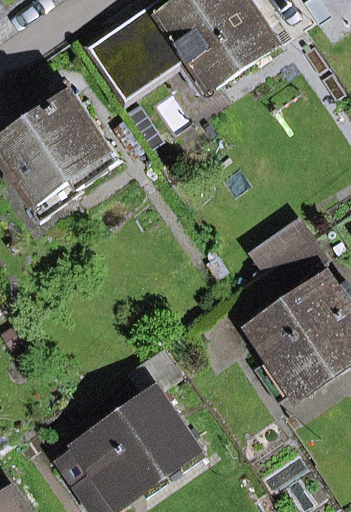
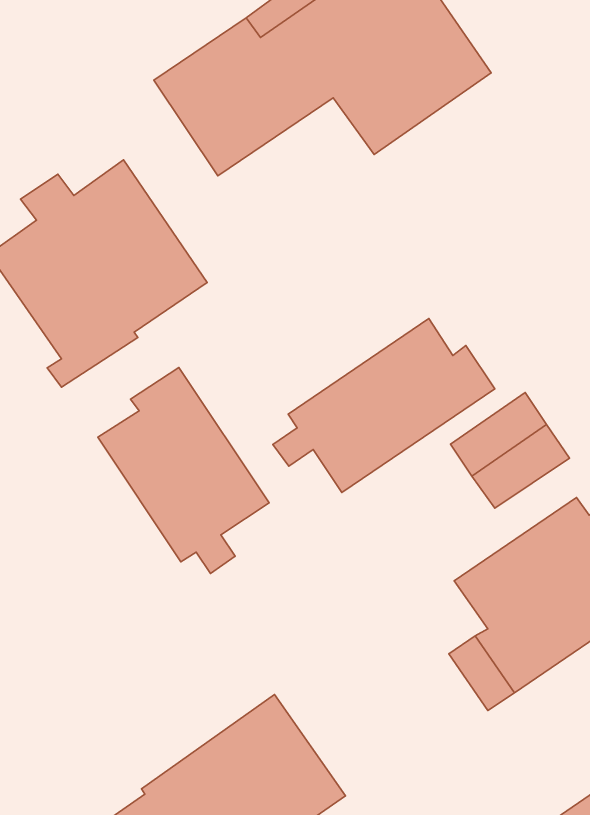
building: none -> [273,319,495,493]
building: none -> [98,368,269,574]

